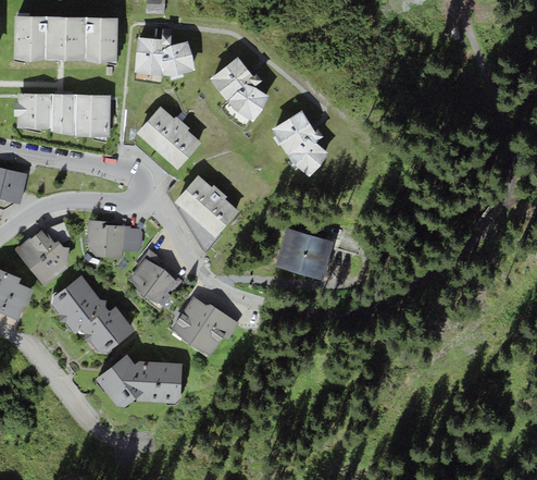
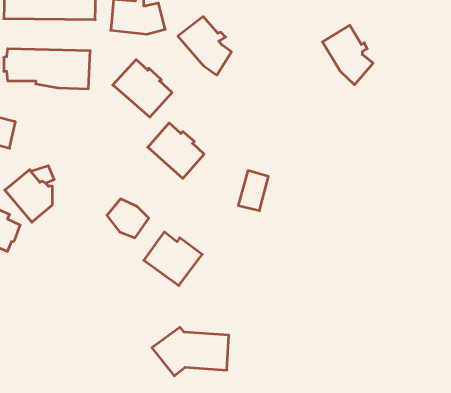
building: [272,110,328,176] -> [322,25,373,85]
building: [87,220,142,258] -> none
building: [300,235,333,280] -> none
building: [52,274,135,354] -> none
building: [96,355,182,409] -> [152,327,229,376]

